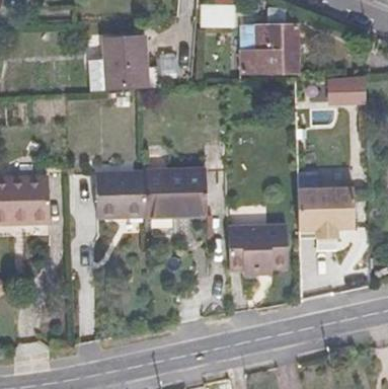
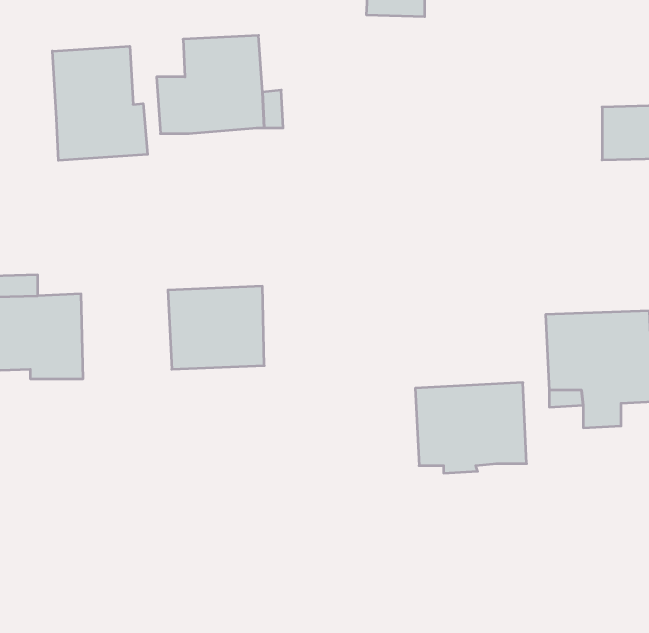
building: [240,24,298,72] -> none
building: none -> [52,46,148,160]
building: [146,168,208,217] -> none

